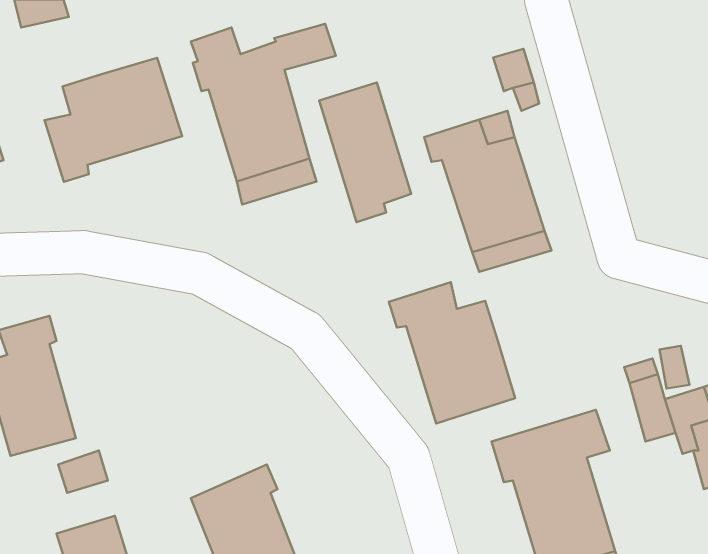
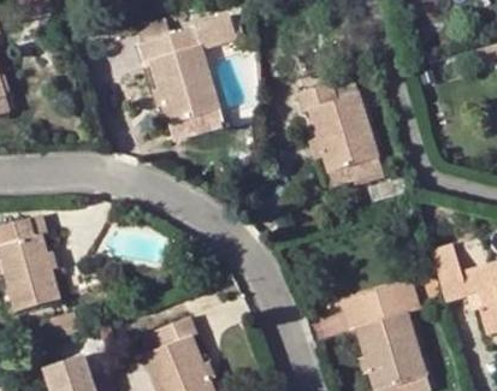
building: [45,58,182,182] -> none
building: [319,82,411,222] -> none
building: [389,282,515,424] -> none

